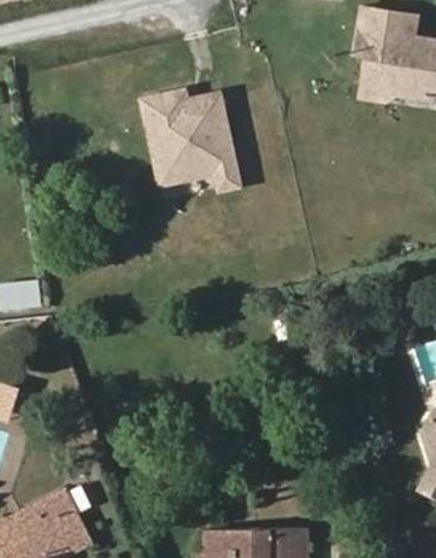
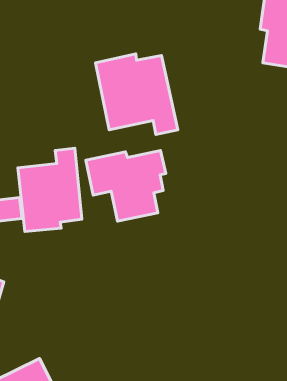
building: none -> [18,148,82,231]
building: none -> [86,151,166,221]

